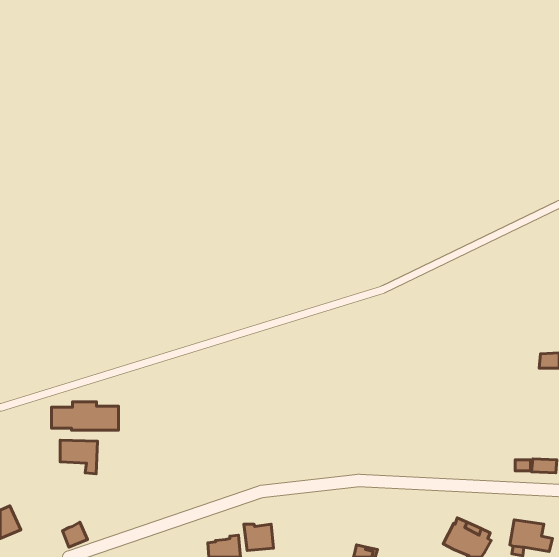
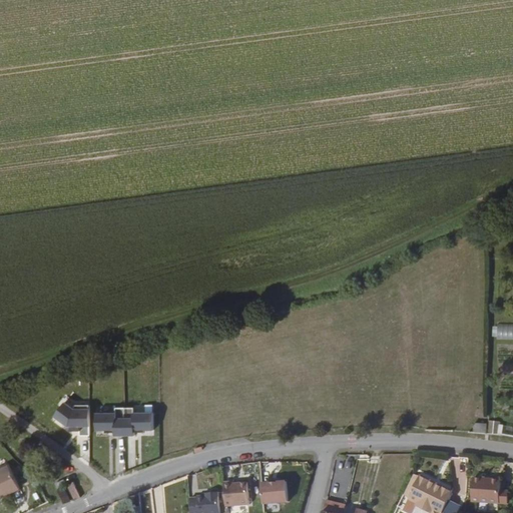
building: [52,402,118,430] -> [92,407,153,433]
building: none -> [264,480,292,504]

